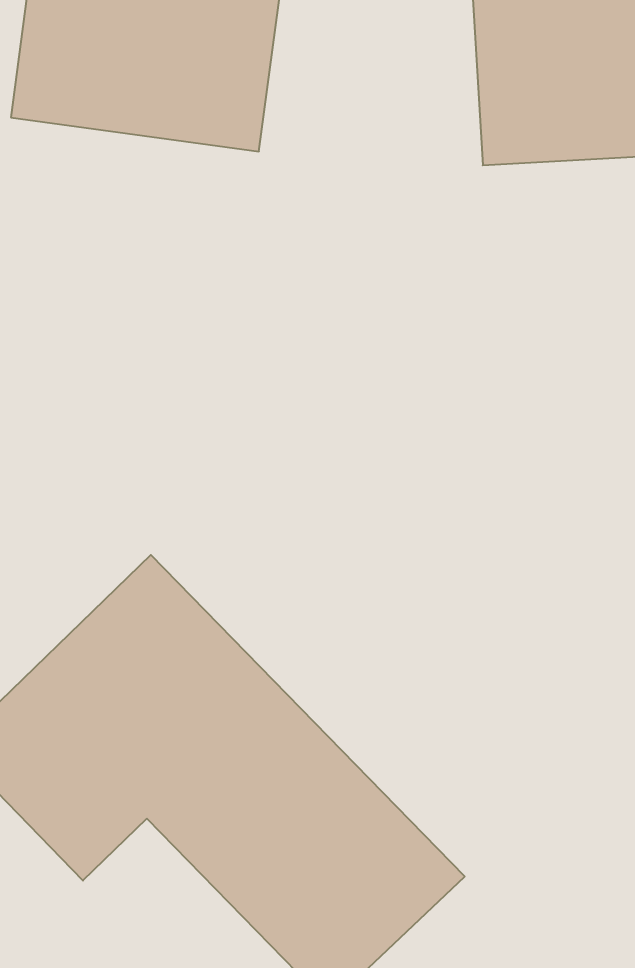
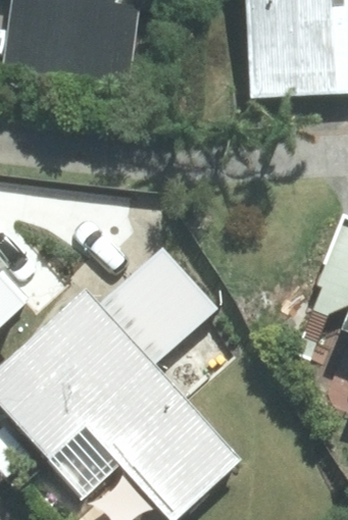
building: none -> [103,248,218,361]

